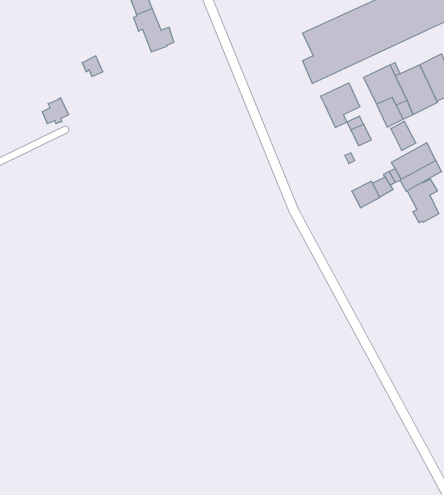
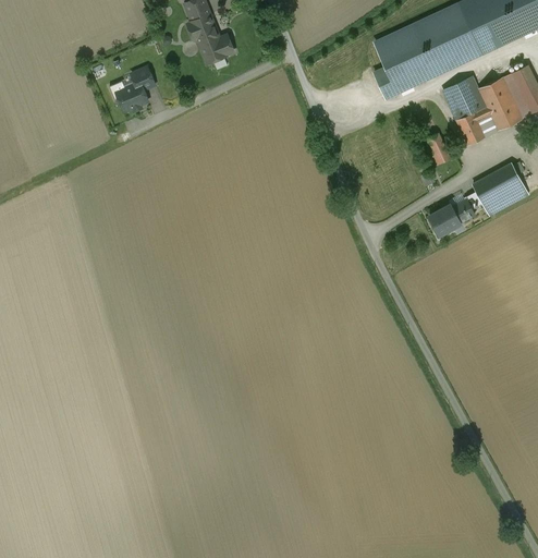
building: [321,83,360,128] -> none
building: [42,98,69,124] -> [119,82,148,110]
building: [391,121,416,151] -> none
building: [407,179,439,223] -> none

